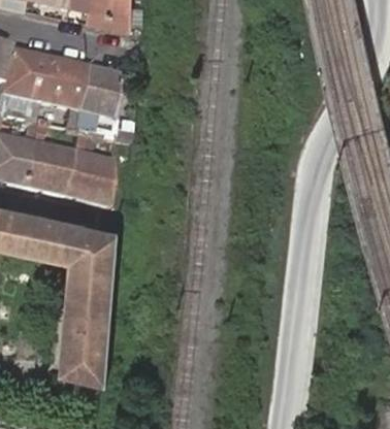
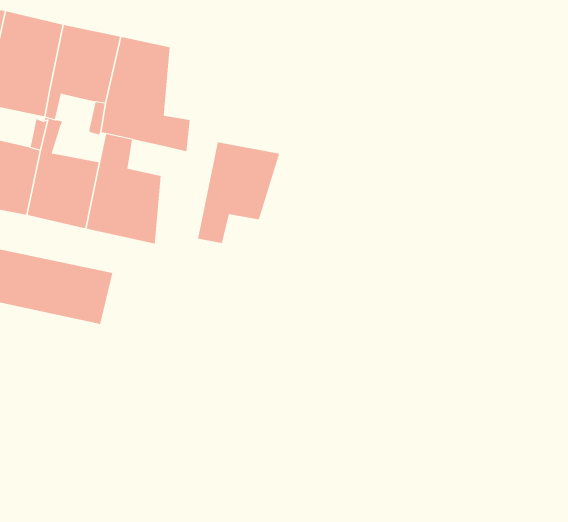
building: none -> [198,141,280,244]
building: [63,226,117,383] -> none

